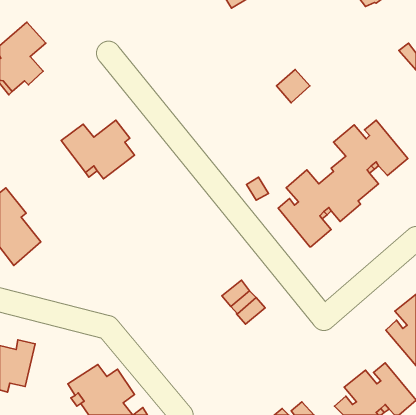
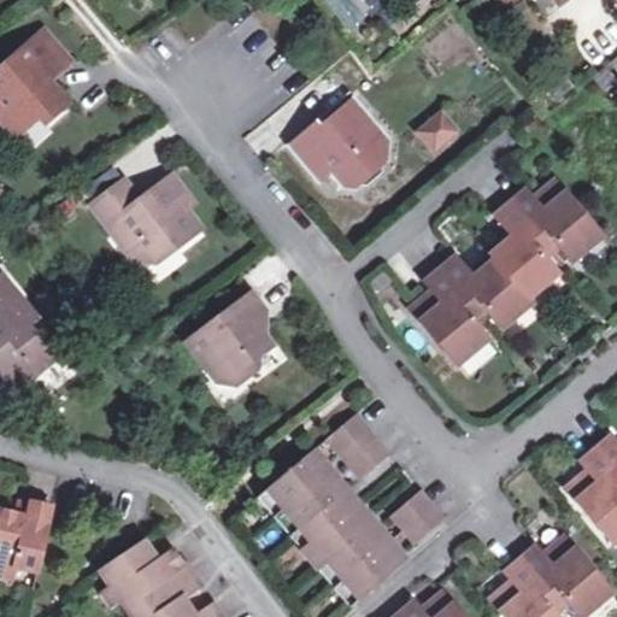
building: none -> [288,99,384,186]
building: none -> [187,294,272,387]
building: none -> [258,448,409,606]
building: none -> [395,490,447,543]

